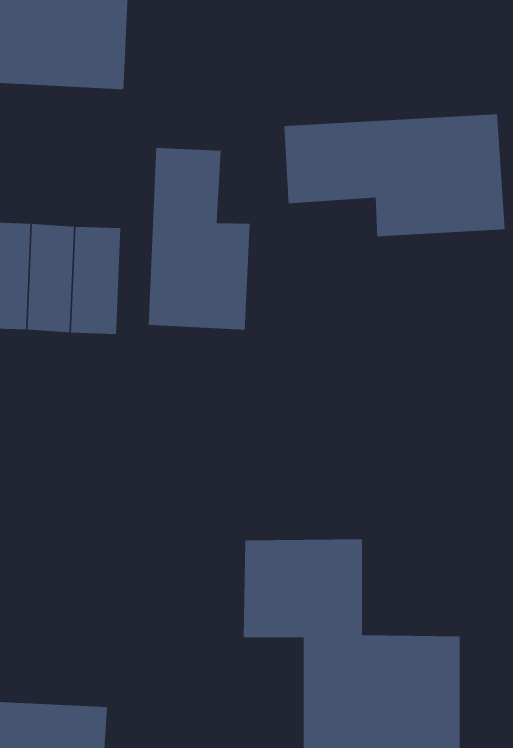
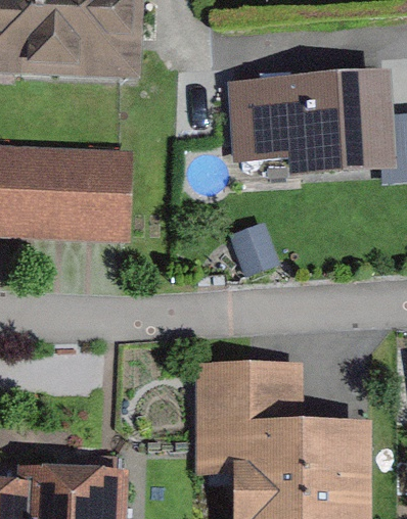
building: [148,147,250,331] -> none

